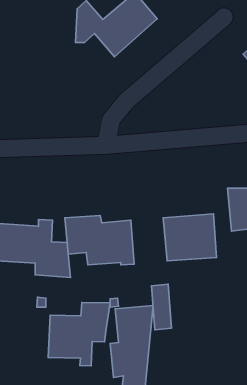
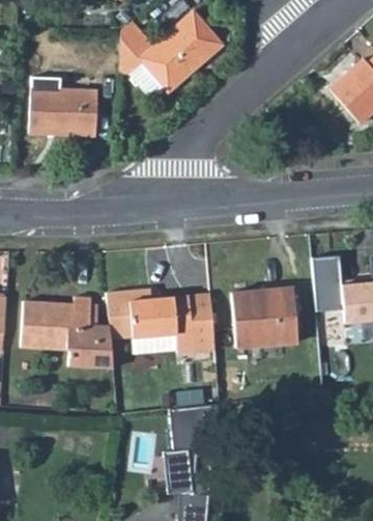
building: none -> [31,86,98,135]
building: [152,284,171,330] -> [190,295,214,352]
building: [48,303,110,366] -> none

